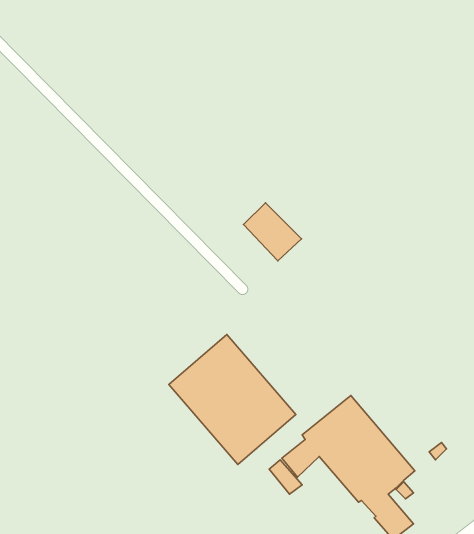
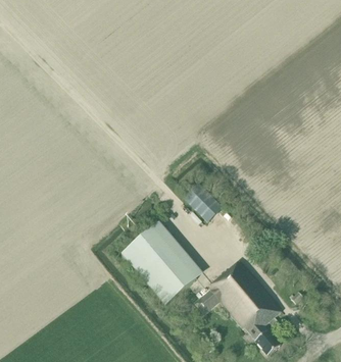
building: [243,203,301,261] -> [184,183,222,220]

